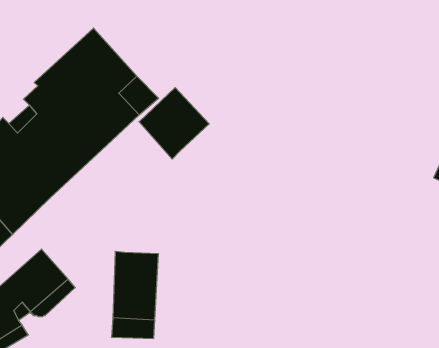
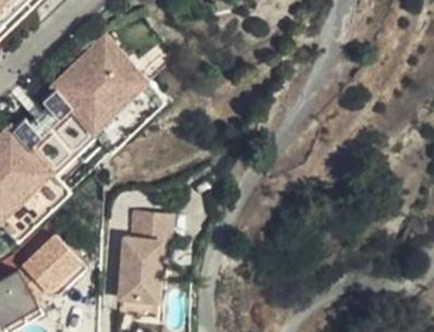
building: [139,88,209,159] -> none
building: none -> [130,211,170,239]

